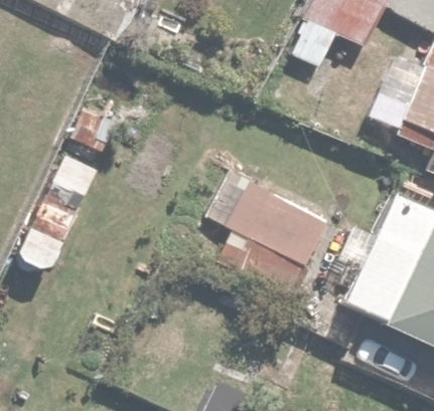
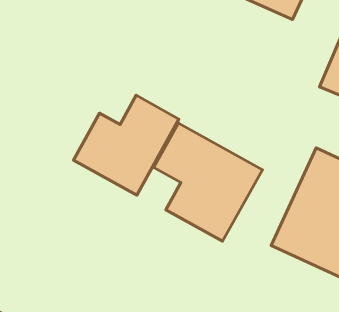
building: none -> [73,95,179,195]

